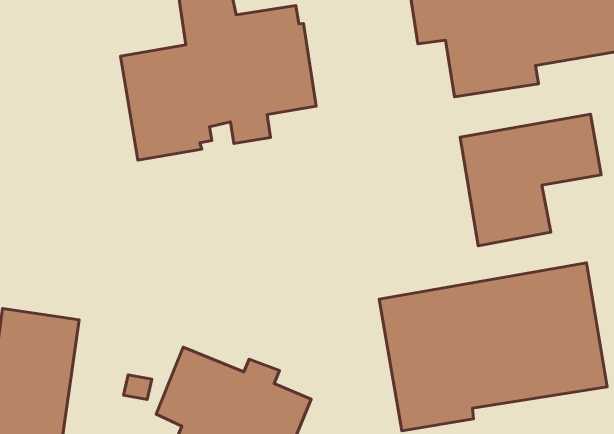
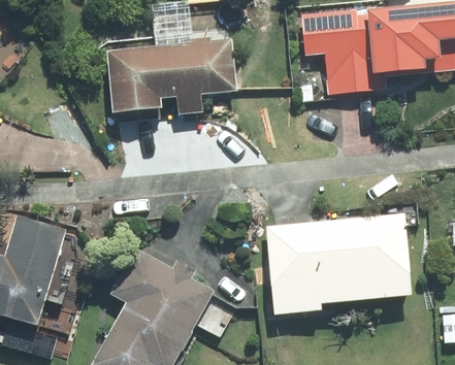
building: [460,114,601,246] -> none

